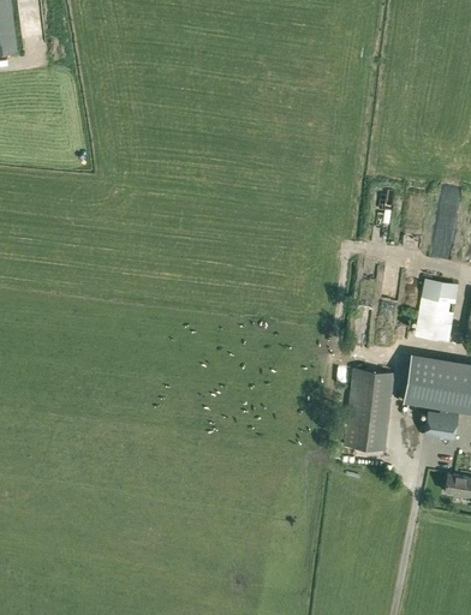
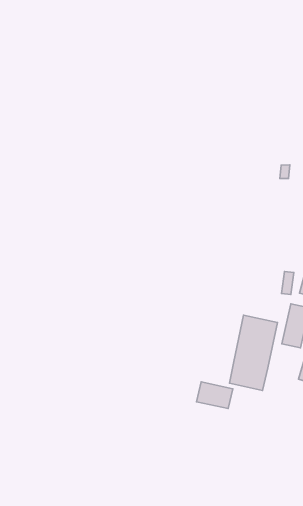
building: none -> [197,382,233,408]

